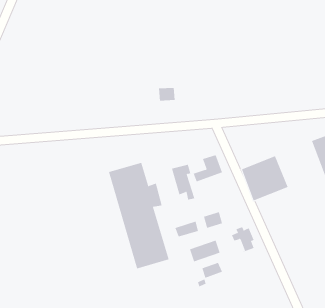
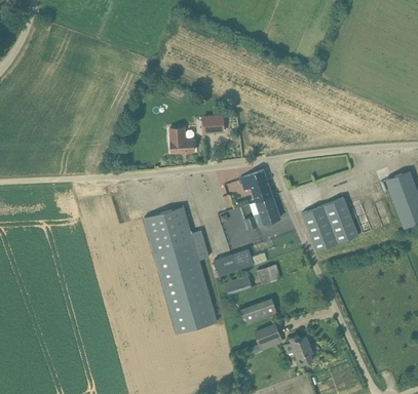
building: none -> [169,126,194,152]
building: none -> [240,169,272,201]
building: none -> [214,247,254,276]
building: [231,227,254,252] -> [284,334,312,365]

